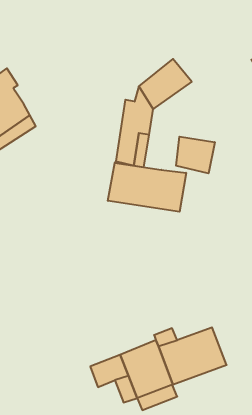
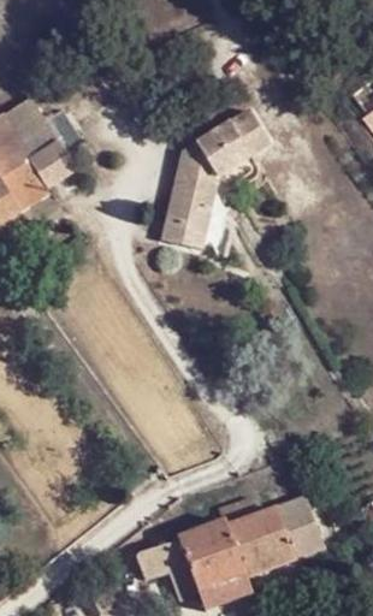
building: none -> [12,108,76,184]
building: [176,137,215,173] -> none
building: [108,163,186,212] -> none

